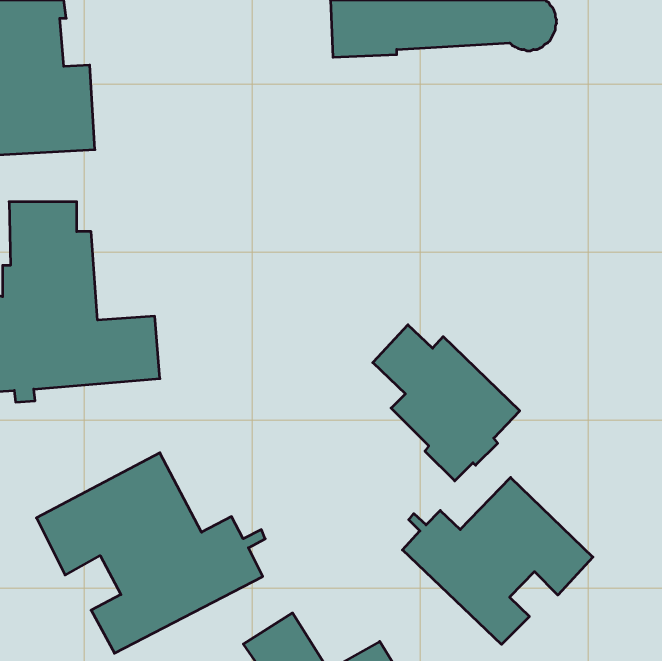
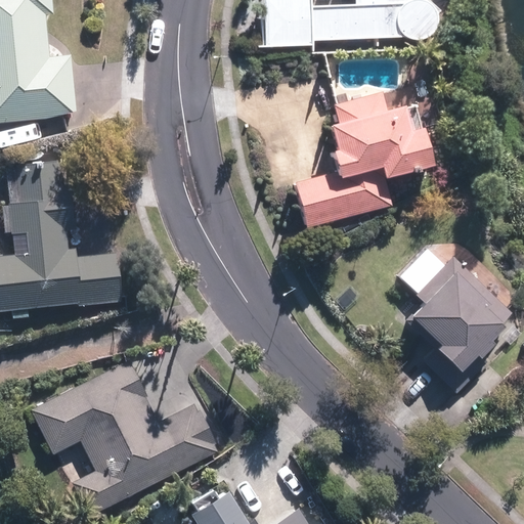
building: none -> [294,93,438,228]
building: [373,325,520,481] -> [398,248,514,370]
building: [402,477,593,644] -> none

